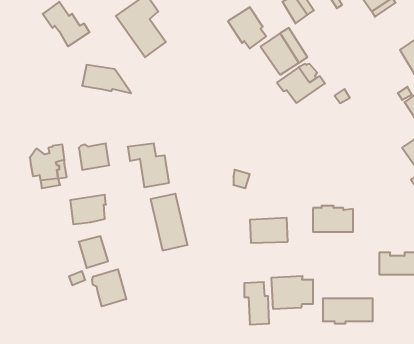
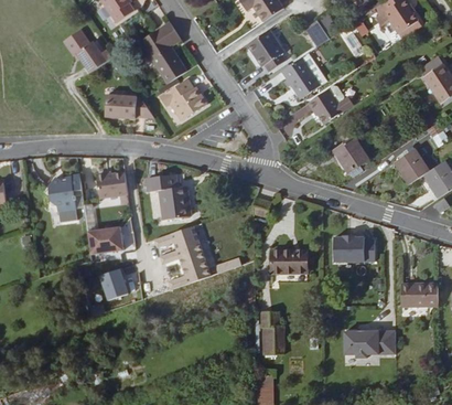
building: none -> [159,79,206,121]
building: none -> [333,138,368,172]
building: none -> [397,152,427,184]
building: [92,269,126,306] -> none
building: [272,276,313,309] -> none

